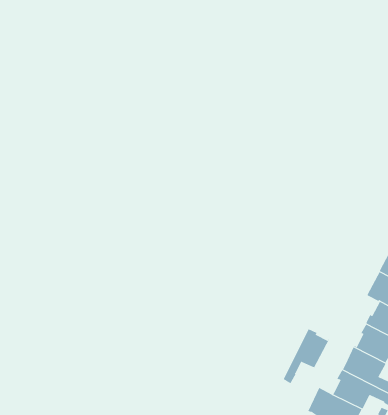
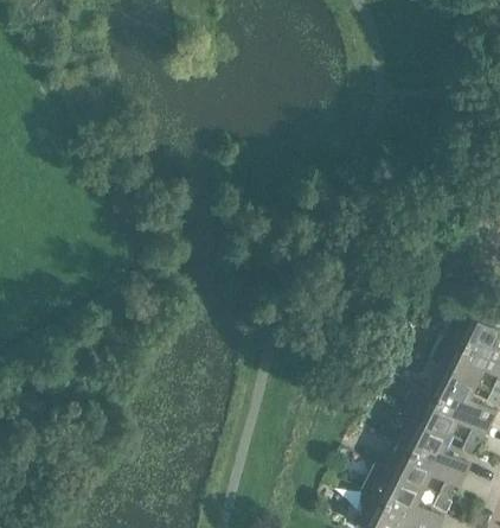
building: [283,328,330,384] -> none

